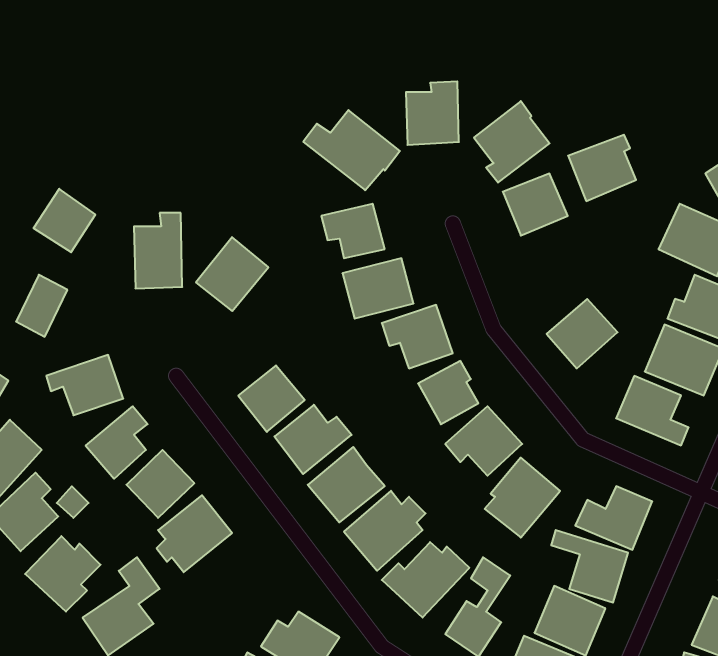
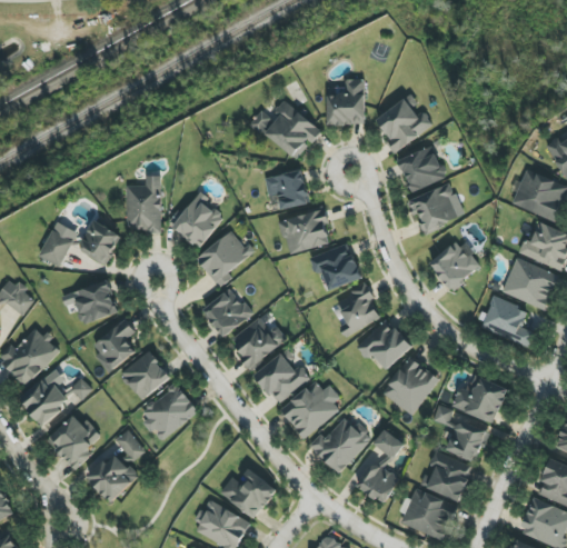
building: [568,135,636,201] -> [407,185,457,233]
building: [33,189,95,252] -> [76,219,121,266]
building: none -> [196,229,251,287]

